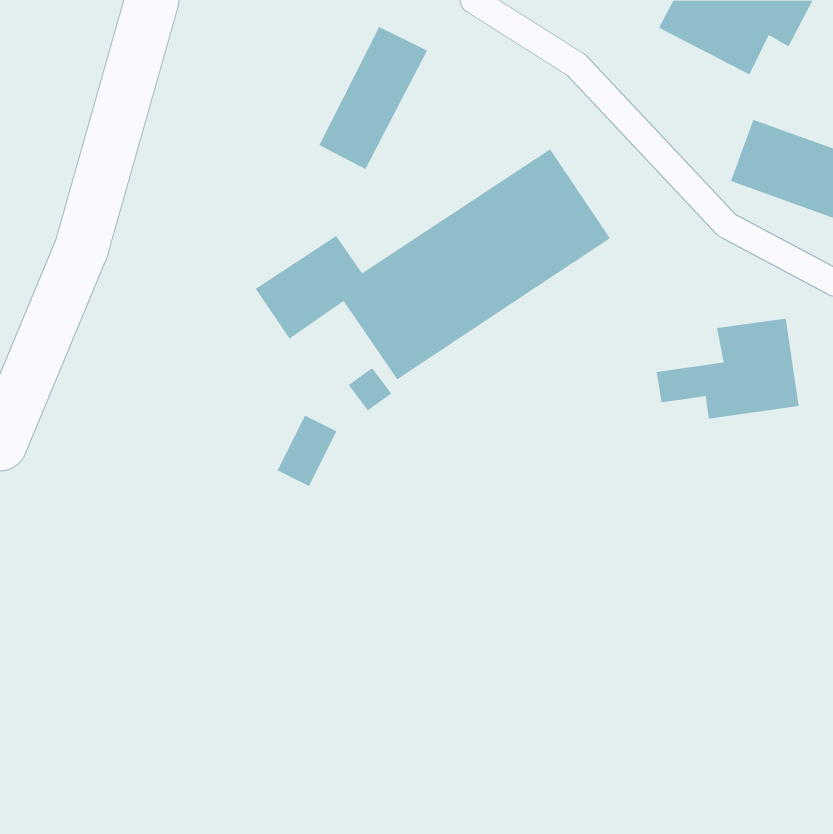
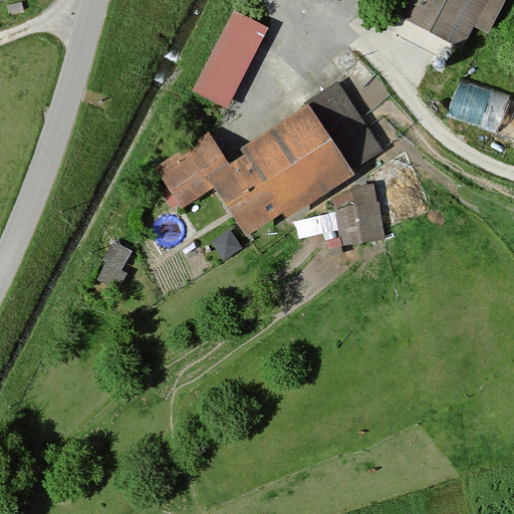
building: [656,318,800,419] -> [298,181,387,243]
building: [277,415,337,487] -> [99,237,137,281]

